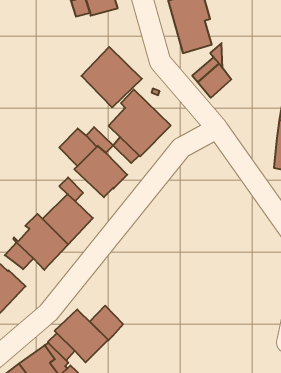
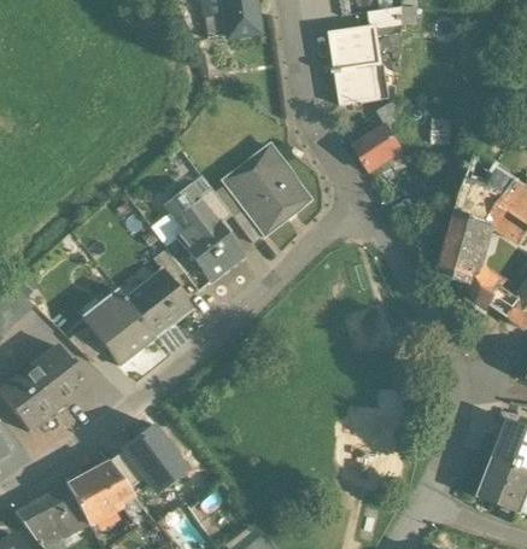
building: [81,47,142,107] -> none
building: [90,306,123,340] -> none

